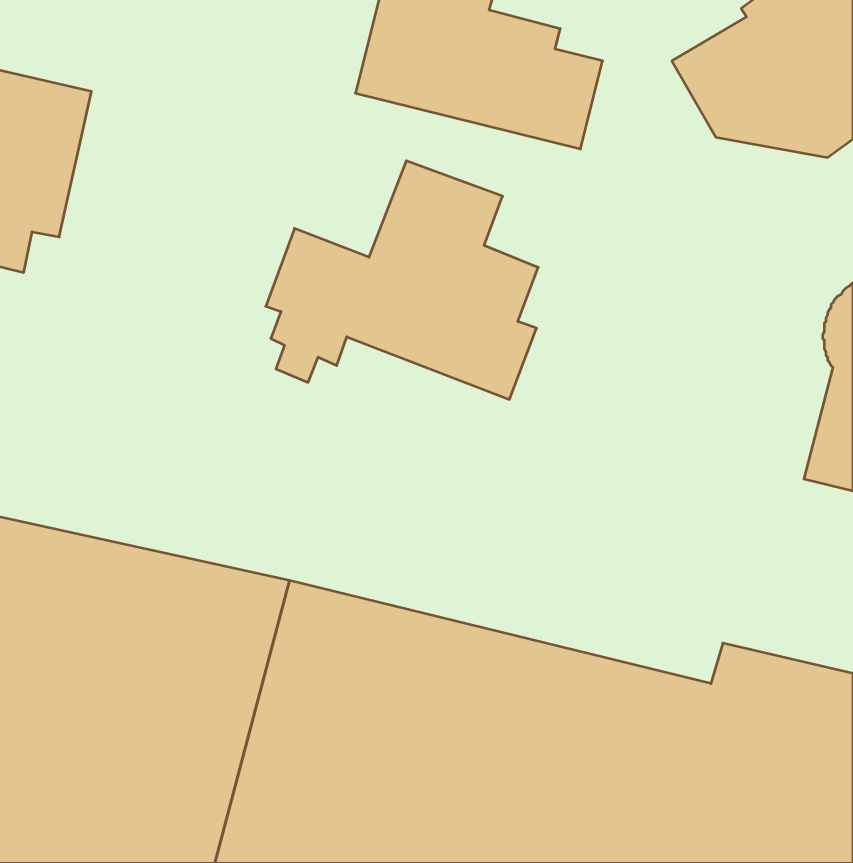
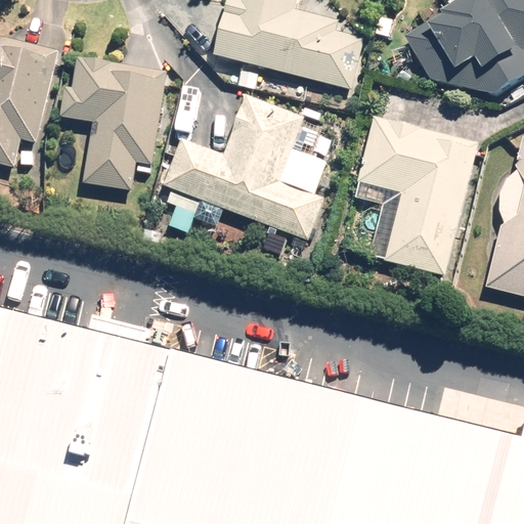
building: none -> [59,59,167,191]
building: none -> [357,116,483,280]

